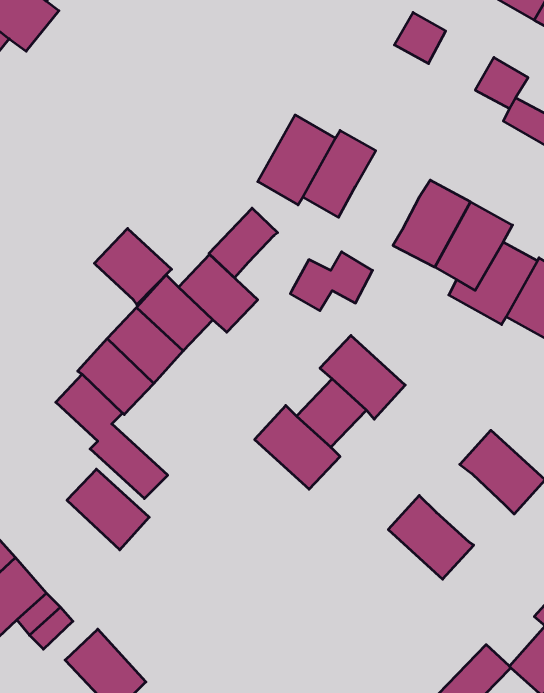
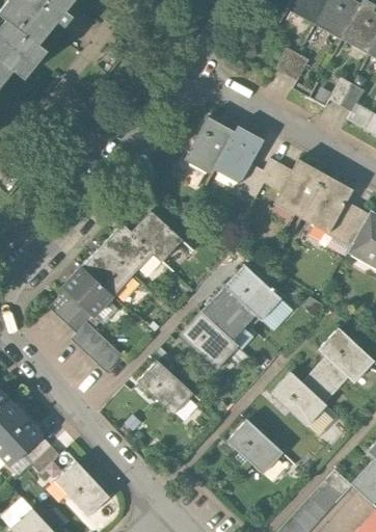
building: [209,208,278,278] -> none
building: [94,228,172,305] -> none
building: [290,252,373,311] -> [237,159,292,198]
building: [67,469,149,550] -> [139,361,194,415]
building: none -> [303,356,349,402]
building: none -> [229,420,284,475]

